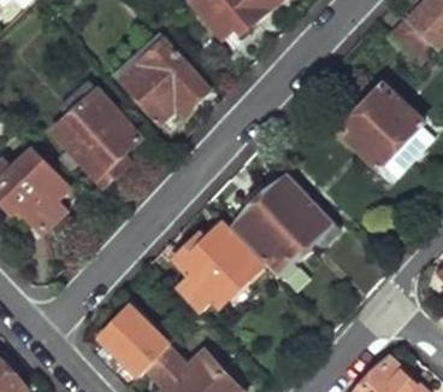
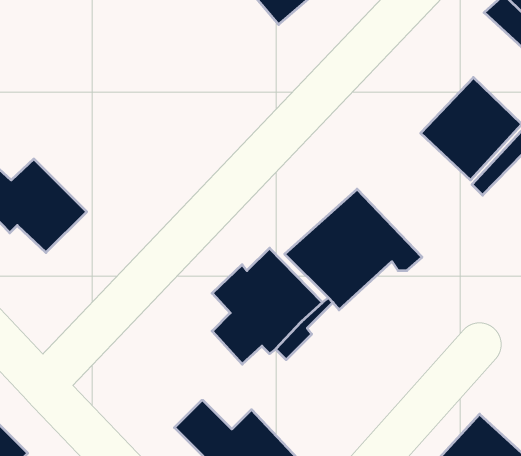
building: [119,37,209,121] -> none
building: [52,88,140,183] -> none
building: [98,310,164,374] -> none

